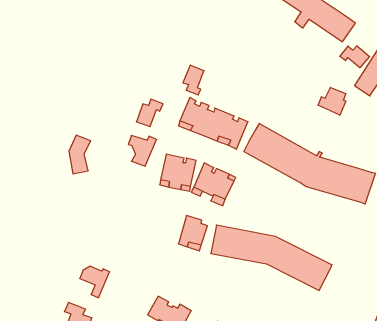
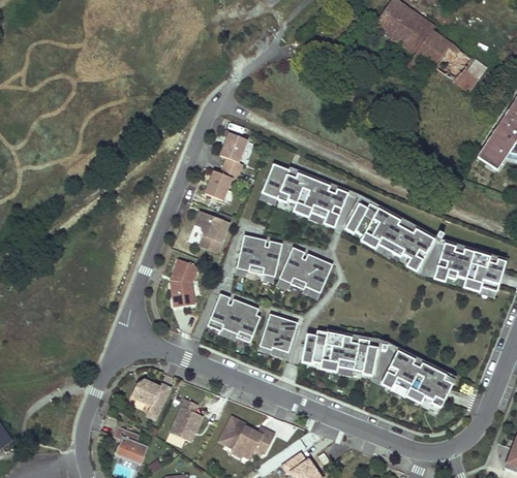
building: [340,46,370,68] -> none
building: [183,65,204,95] -> [219,133,246,171]
building: [318,87,346,115] -> none
building: [69,135,91,174] -> [170,259,197,309]
building: none -> [207,293,260,342]
building: none -> [171,399,204,442]

